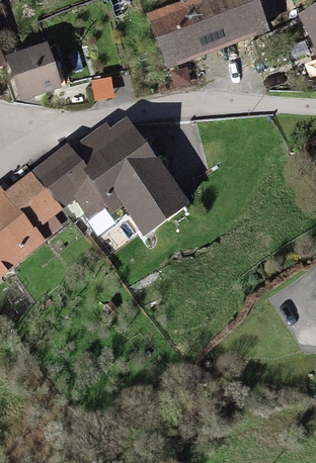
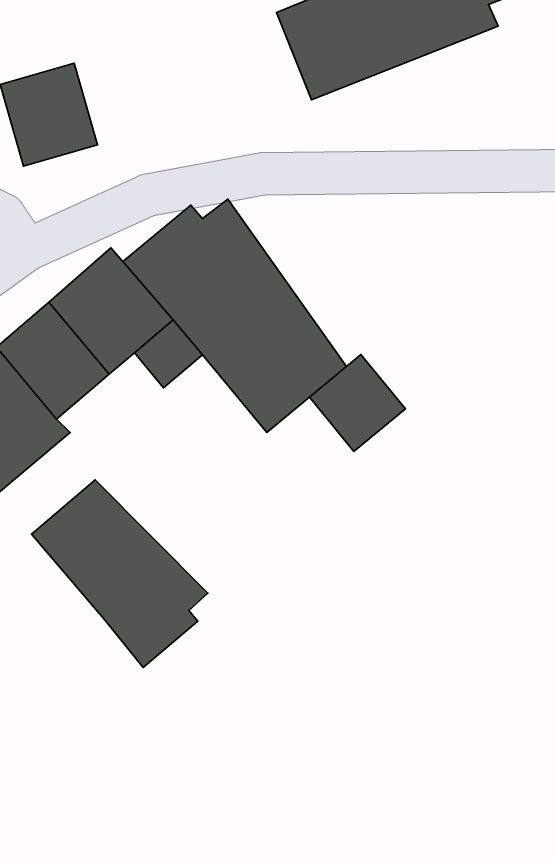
building: none -> [309,355,405,451]
building: none -> [31,480,208,668]

